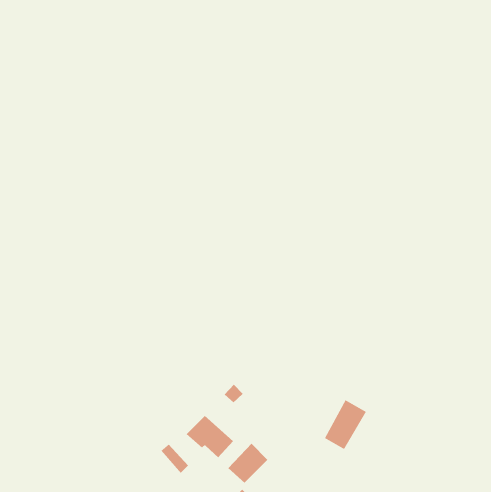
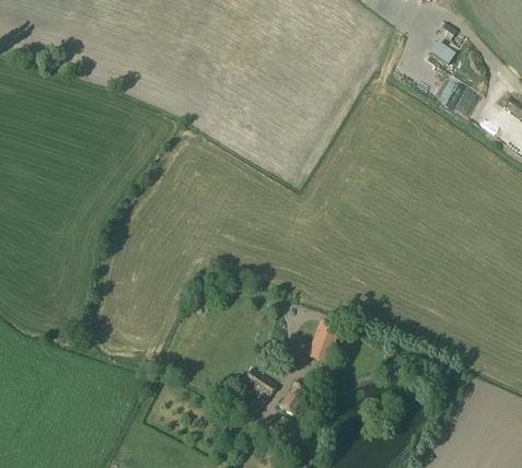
building: [324,400,367,450] -> [309,324,338,363]

